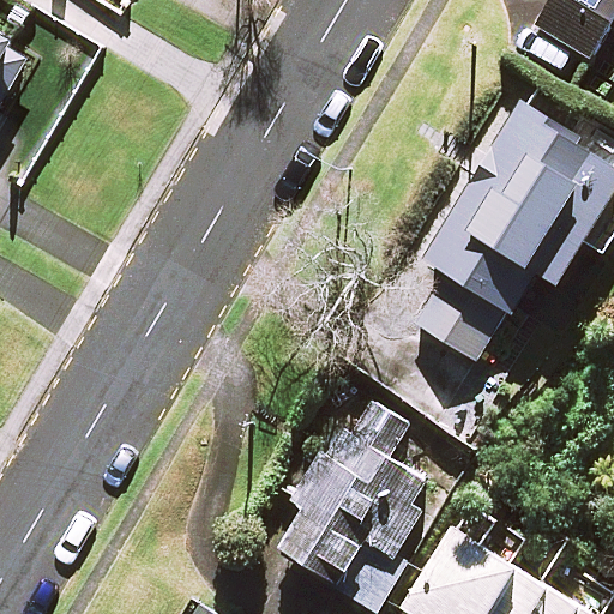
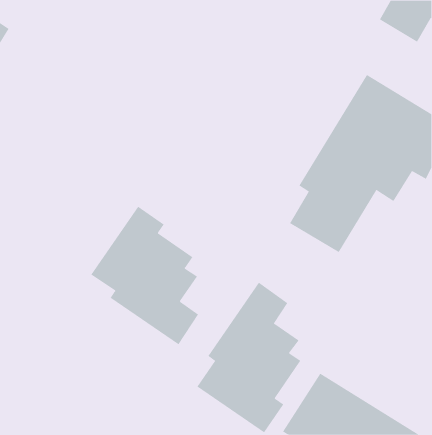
building: none -> [91,206,199,345]

